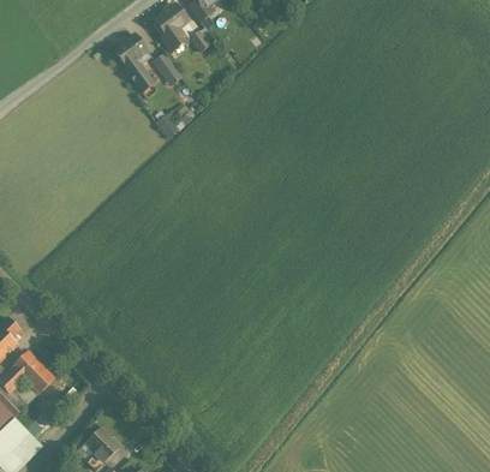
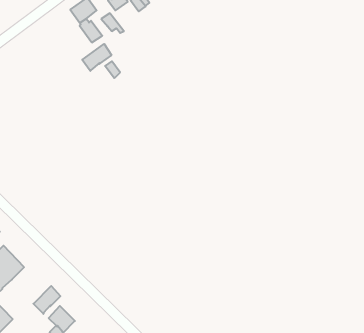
building: none -> [82,44,111,71]
building: none -> [33,286,60,314]

